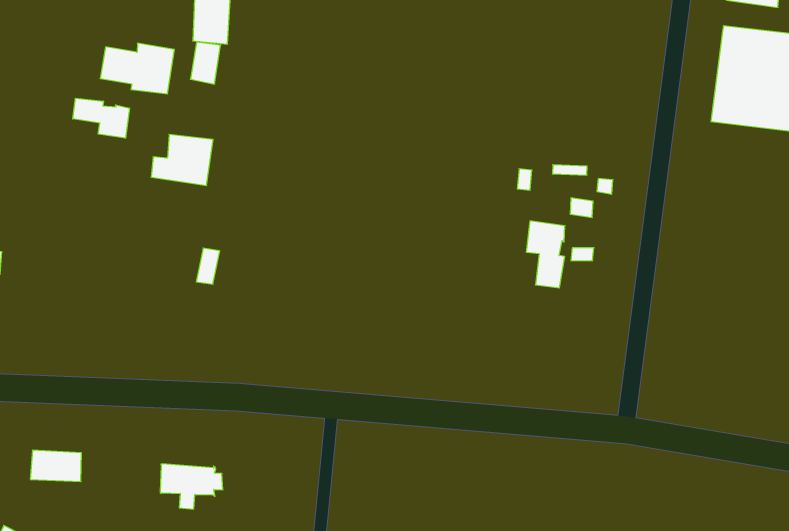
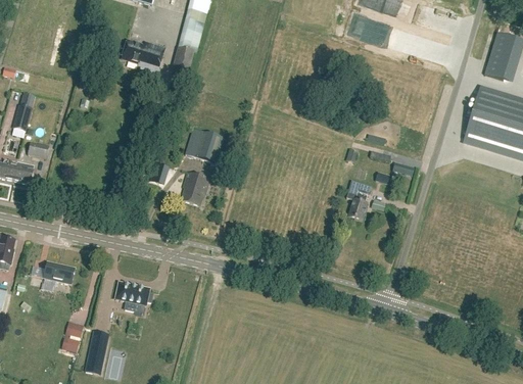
building: [73,98,129,138] -> none
building: [151,134,213,186] -> [185,131,224,163]
building: none -> [183,172,210,205]

